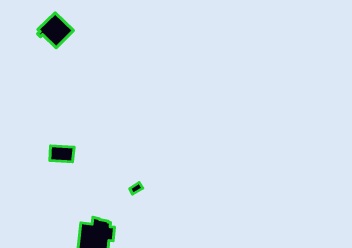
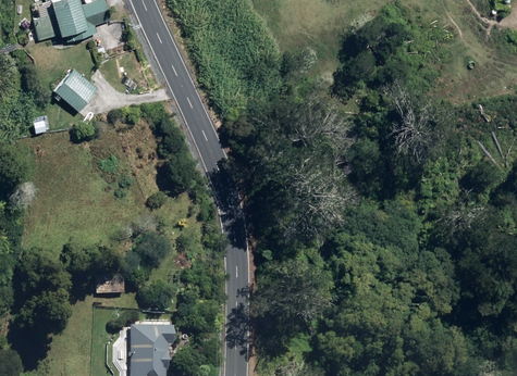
building: [50,146,74,162] -> [95,273,124,292]

